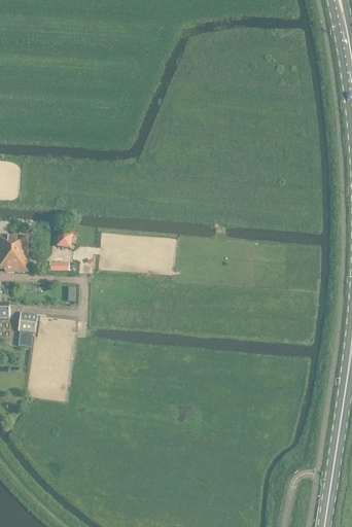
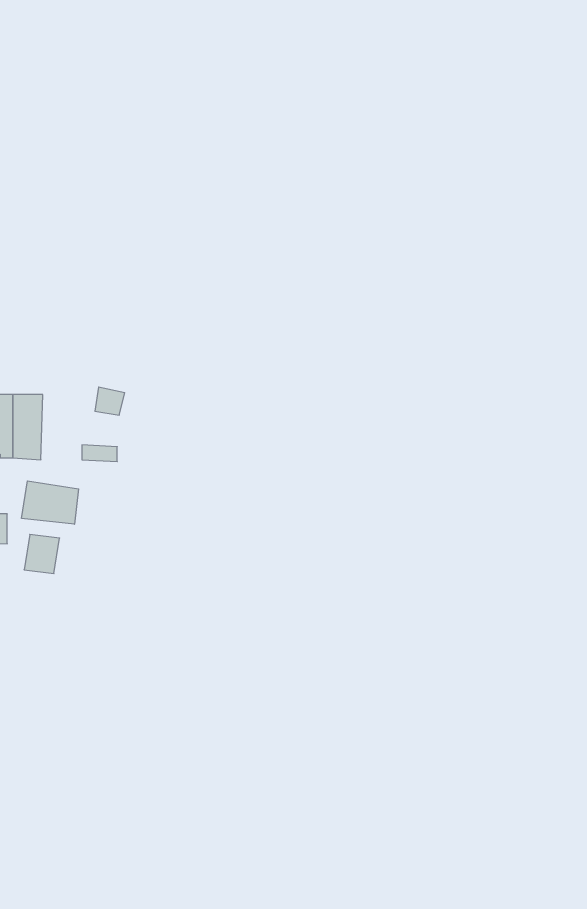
building: none -> [22,481,79,524]

